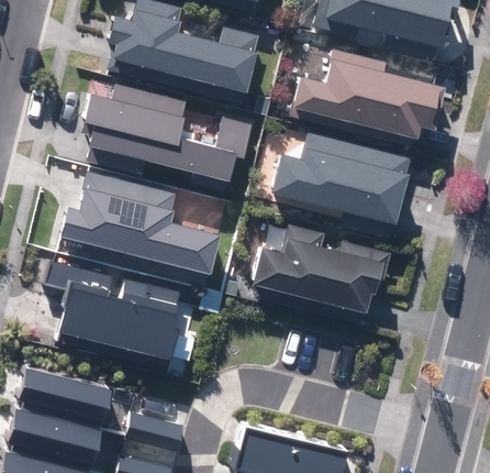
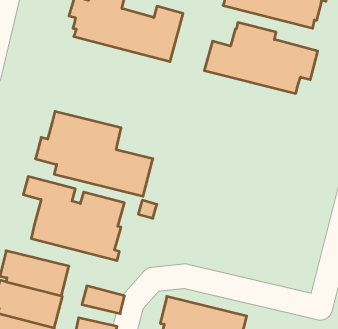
building: [88,82,258,190] -> none
building: [274,131,413,238] -> none
building: [248,221,394,321] -> none

